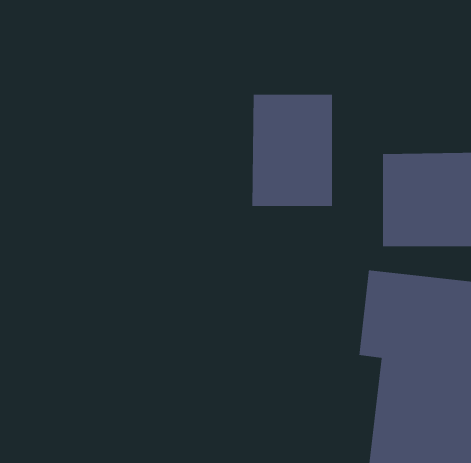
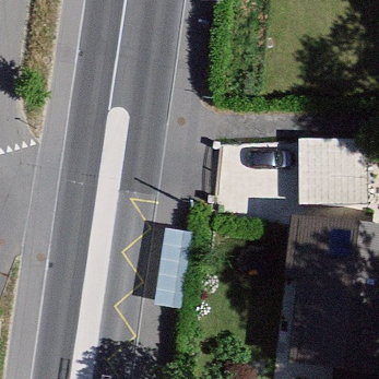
building: [252,94,333,207] -> none

